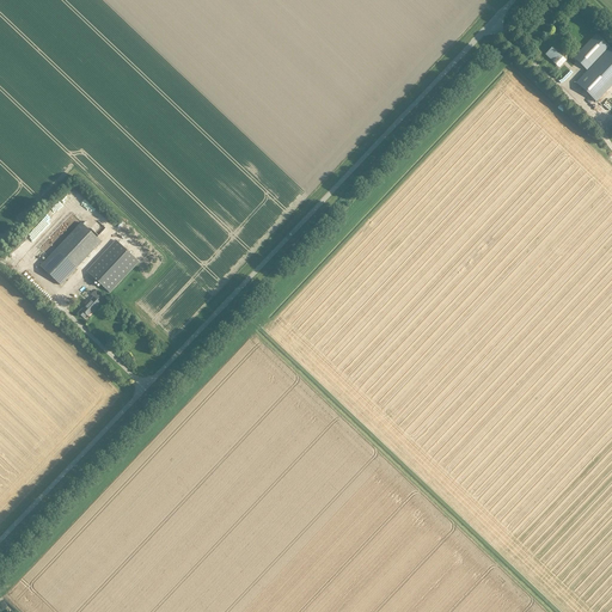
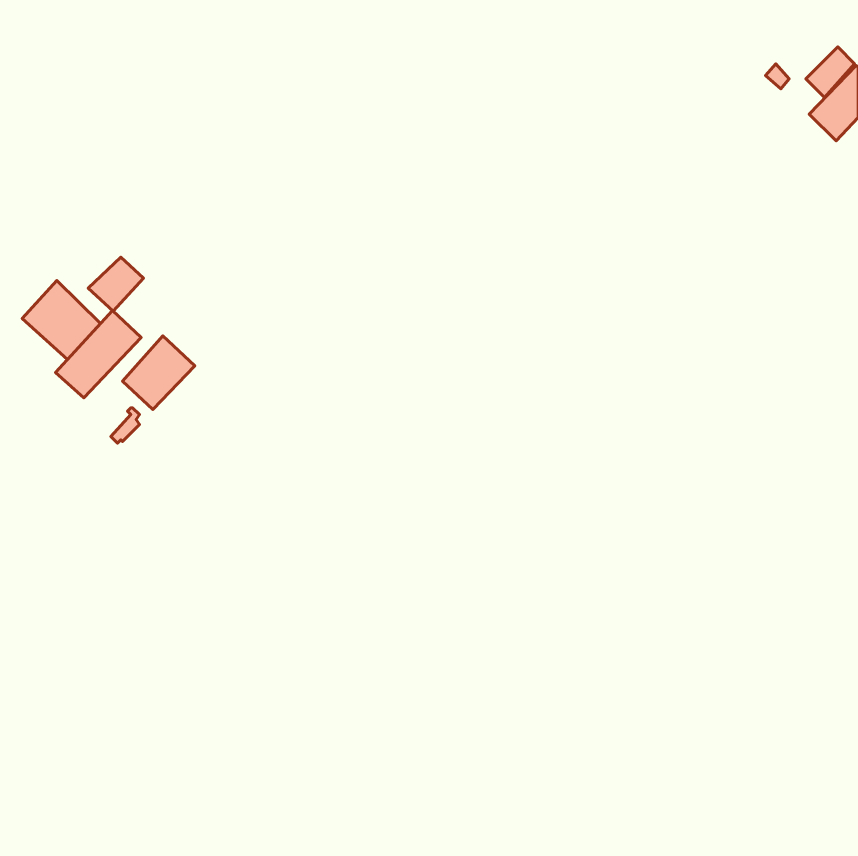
building: none -> [88,257,143,311]
building: none -> [22,281,100,359]

